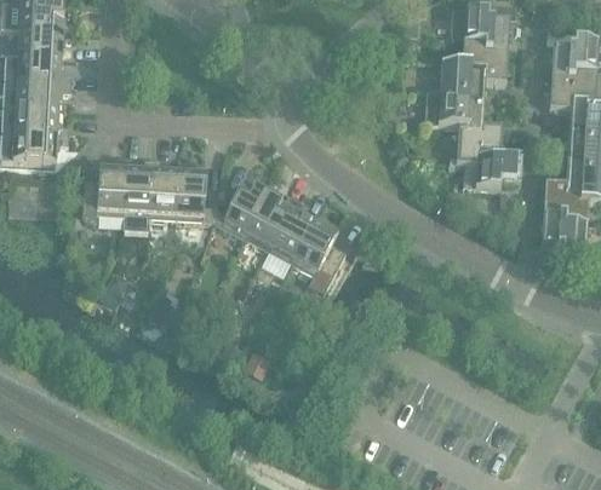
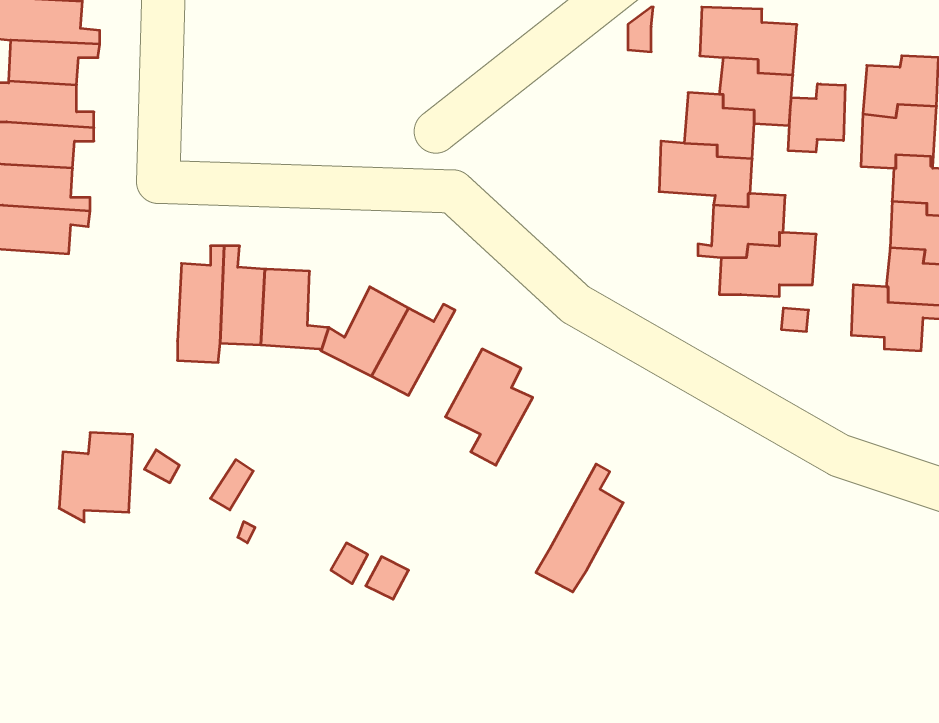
building: none -> [788,84,845,152]
building: [80,165,126,220] -> [59,433,133,522]
building: [259,195,314,275] -> [536,464,623,592]
building: [542,211,588,252] -> none

